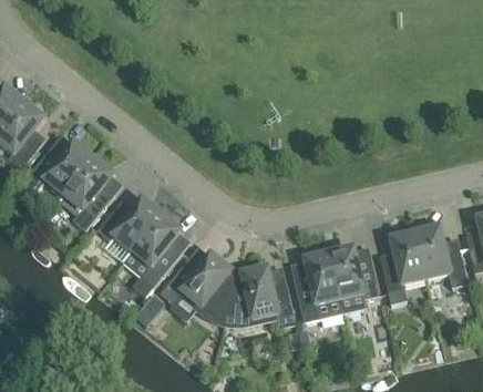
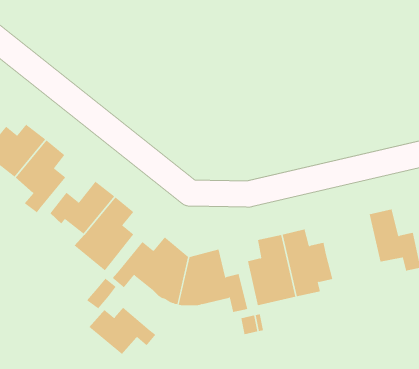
building: [382,230,425,303] -> none
building: none -> [89,307,156,355]

